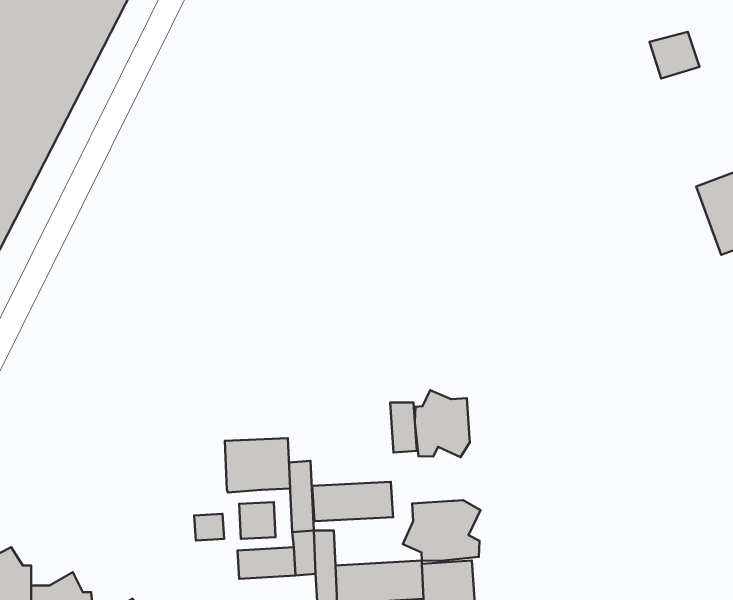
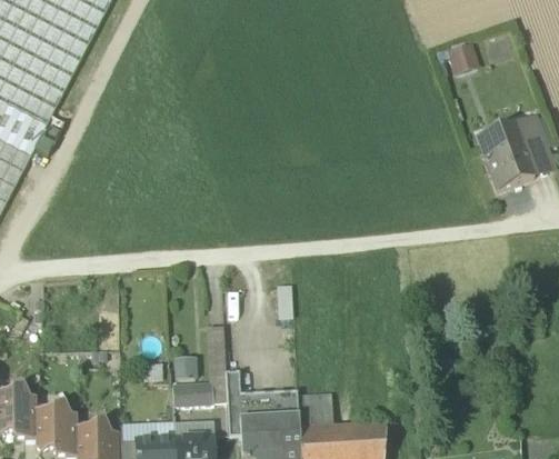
building: [415,390,470,457] -> none
building: [225,438,290,493] -> none
building: [312,482,393,521] -> none
building: [403,500,480,561] -> none

